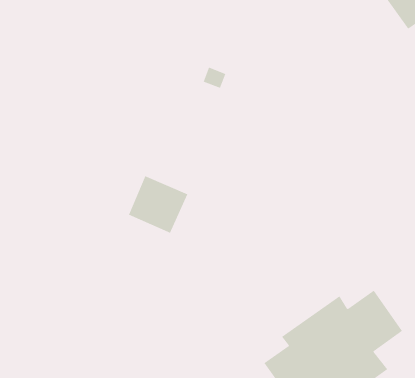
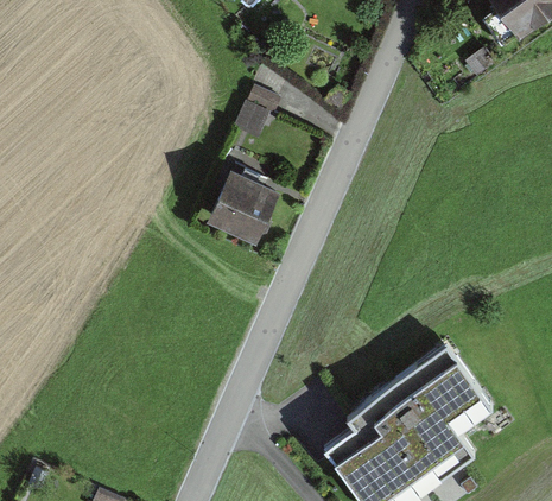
building: [128,176,188,233] -> [198,172,271,242]

